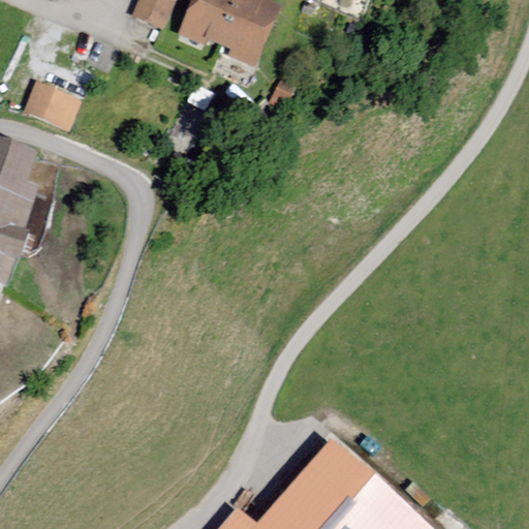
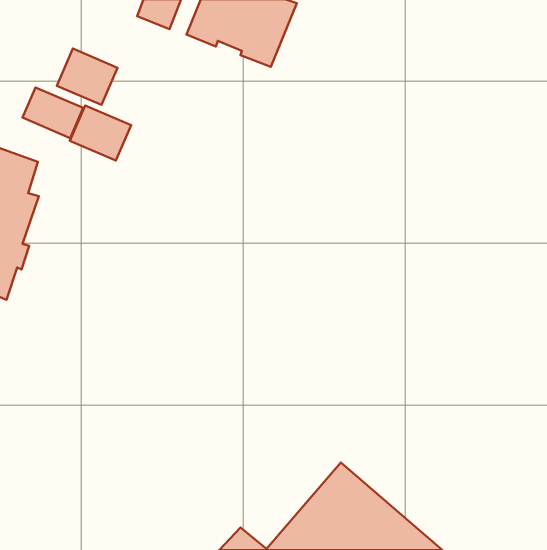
building: none -> [57,48,118,105]
building: none -> [70,105,131,160]

